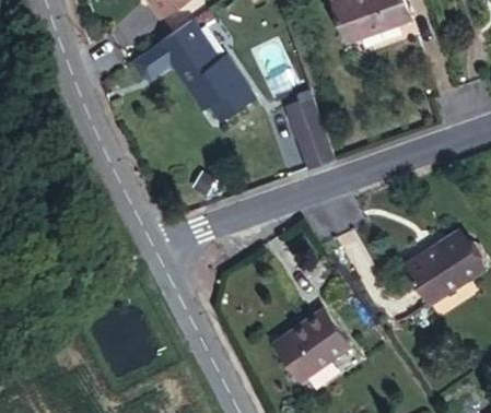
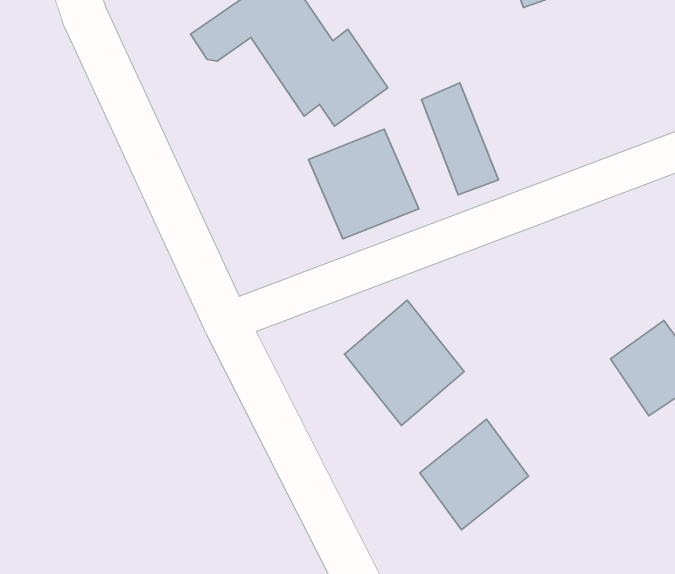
building: none -> [308,129,419,239]
building: none -> [345,300,464,426]

